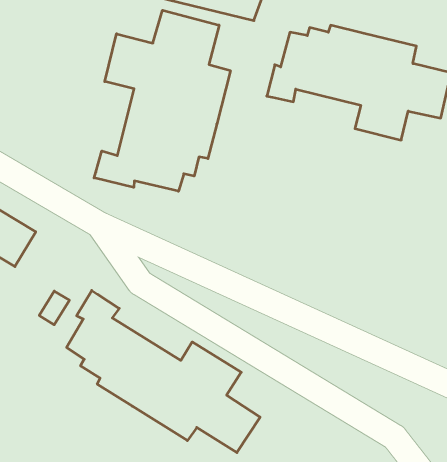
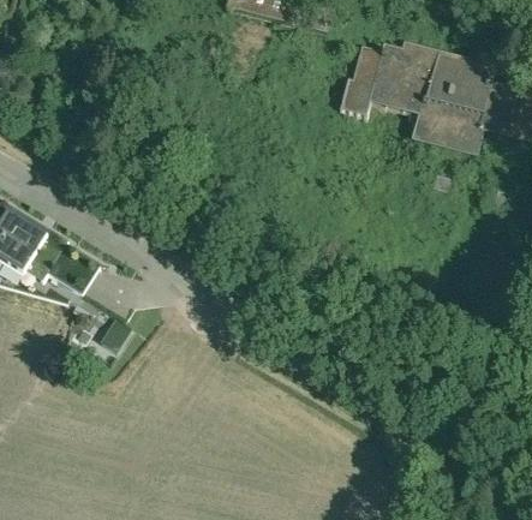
building: [94,10,230,191] -> none
building: [67,290,260,453] -> none

